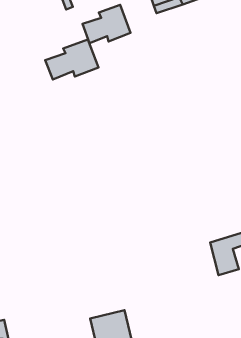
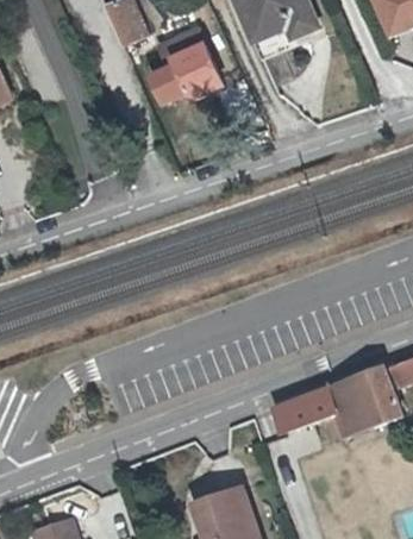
building: [45,39,98,80] -> none
building: none -> [276,378,371,434]

